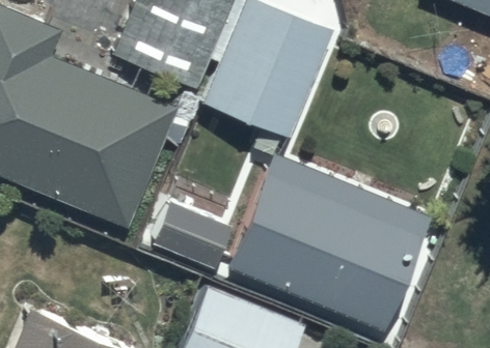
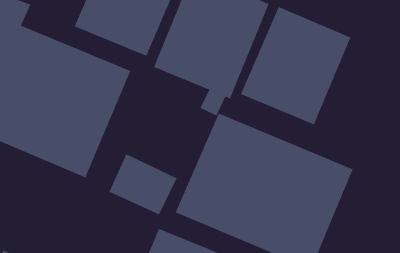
building: none -> [240,6,351,125]

